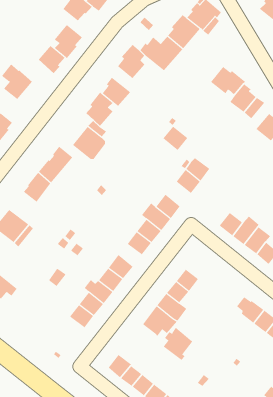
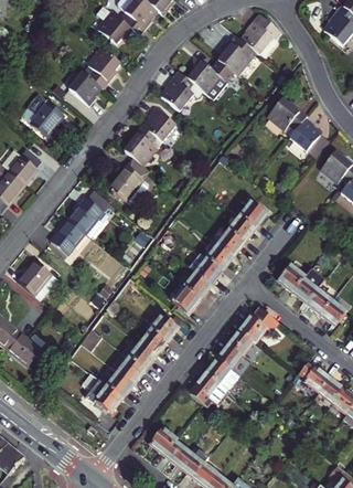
building: [162,126,188,151] -> [215,229,245,257]
building: none -> [238,307,275,341]
building: none -> [86,380,122,412]
building: [163,327,193,361] -> none

